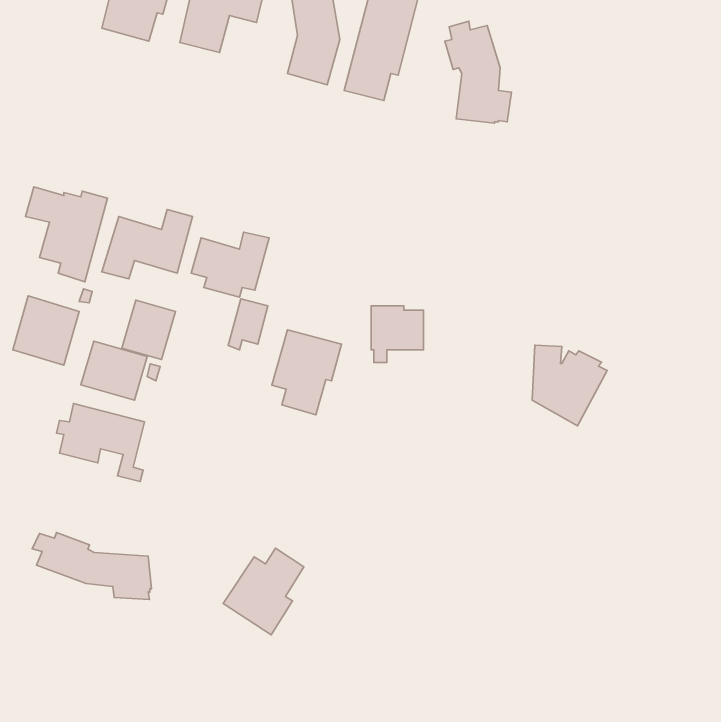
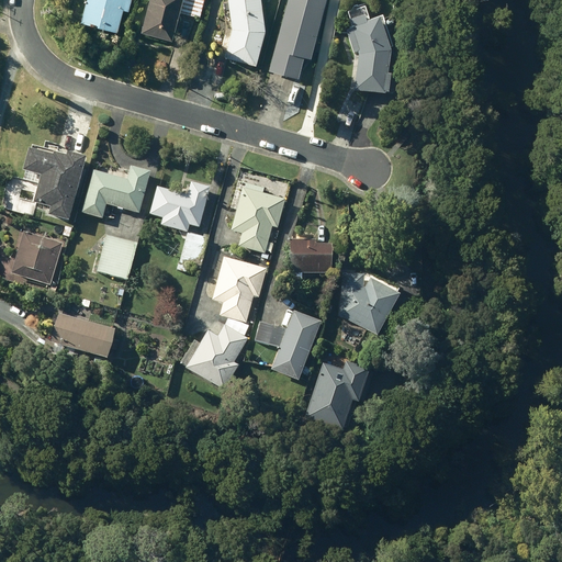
building: none -> [233,182,285,258]
building: [81,341,147,400] -> none
building: [532,345,607,426] -> [341,271,400,334]
building: none -> [256,310,322,380]
building: none -> [306,359,369,428]
building: [32,532,152,599] -> none
building: [223,548,304,635] -> [186,323,248,390]

